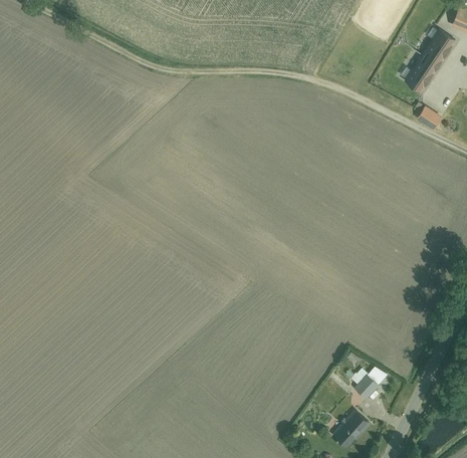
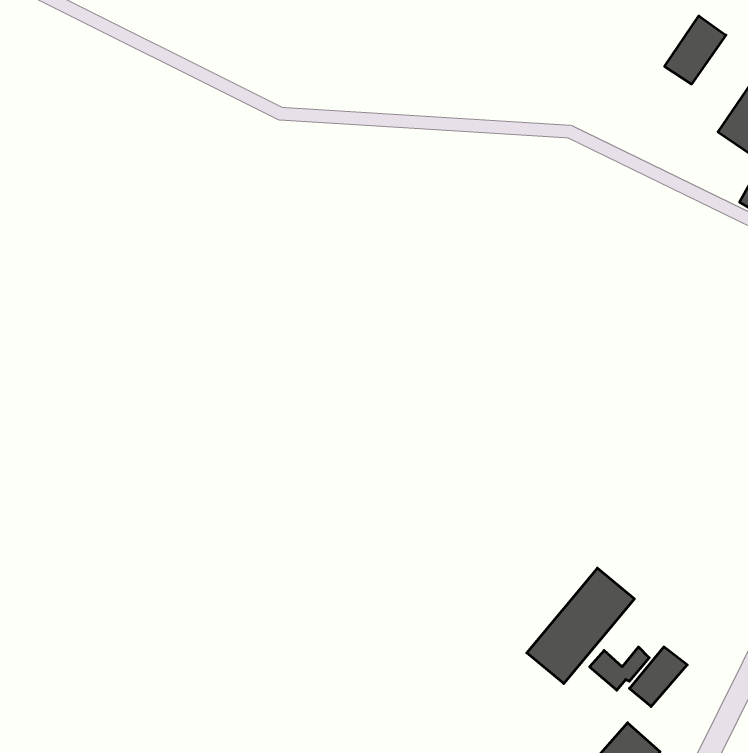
building: none -> [665,16,726,84]
building: none -> [527,568,634,684]

